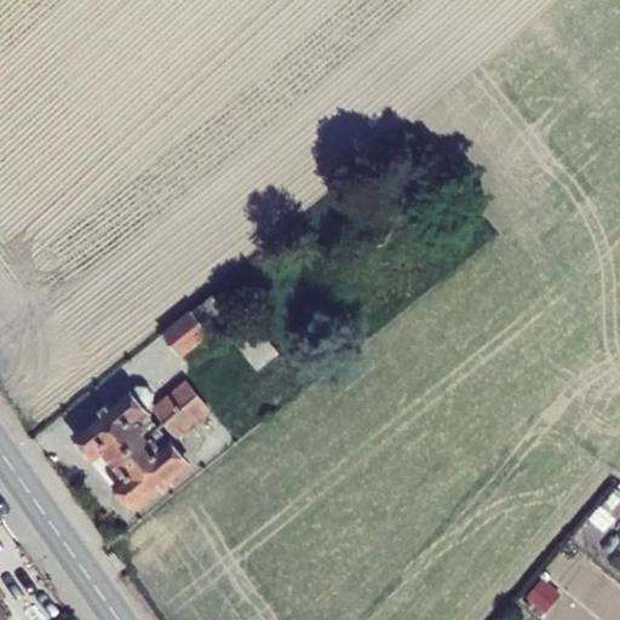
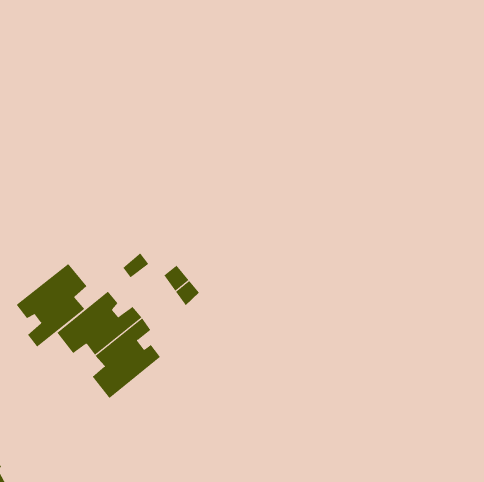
building: none -> [16,263,87,348]

